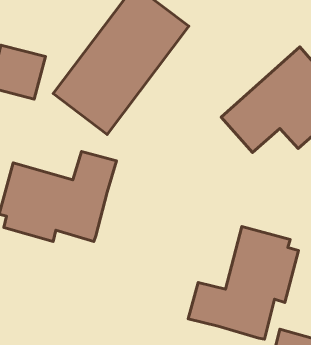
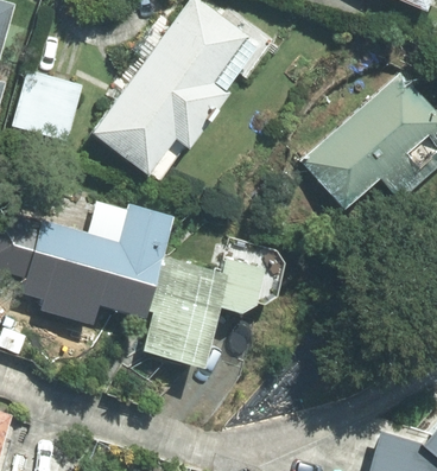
building: none -> [142,237,286,365]
building: [188,226,299,339] -> none

